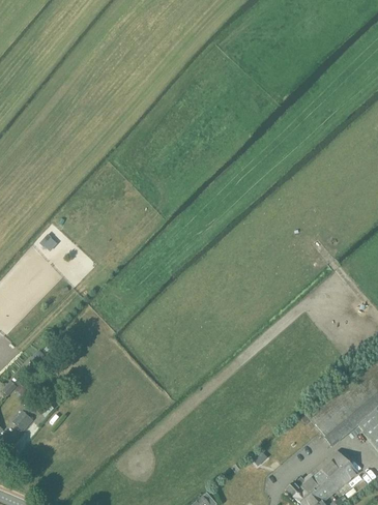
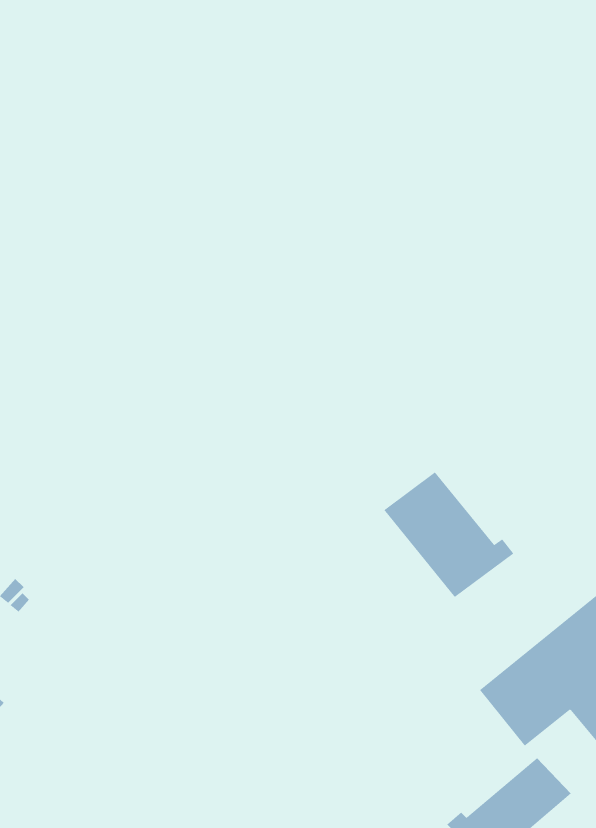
building: none -> [383,472,514,598]

